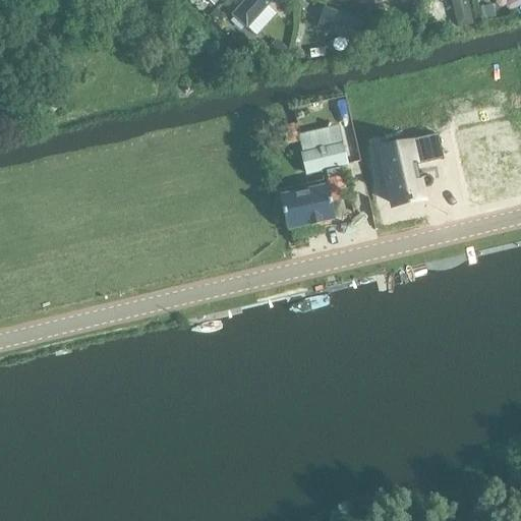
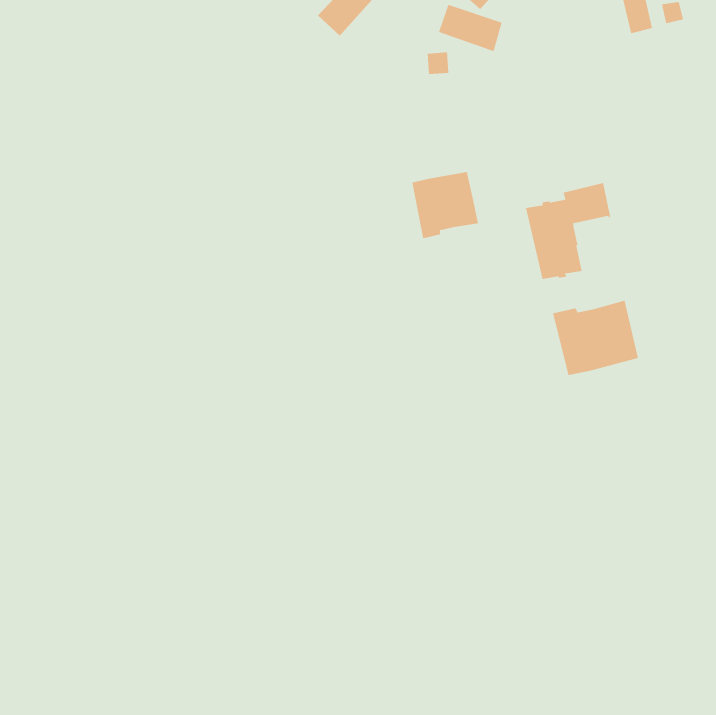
building: [280,187,334,228] -> none
building: none -> [553,300,638,376]

